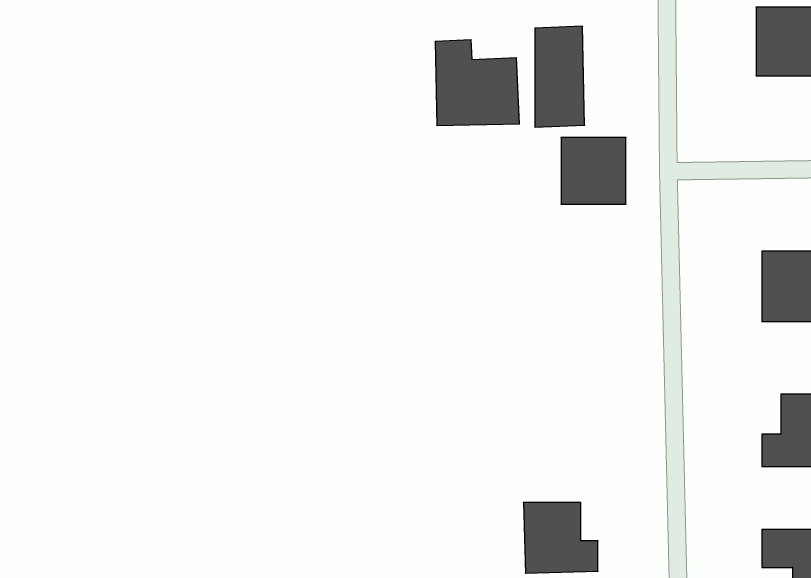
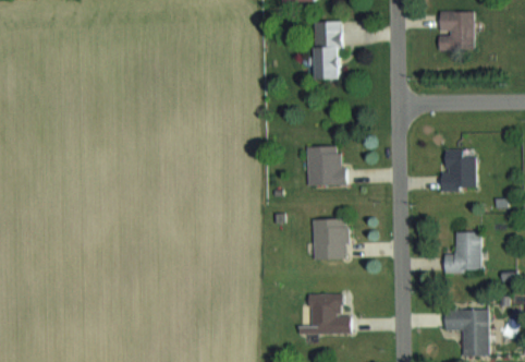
building: [435,40,519,126] -> none
building: [561,137,626,204] -> [306,146,343,184]
building: none -> [312,219,346,258]

